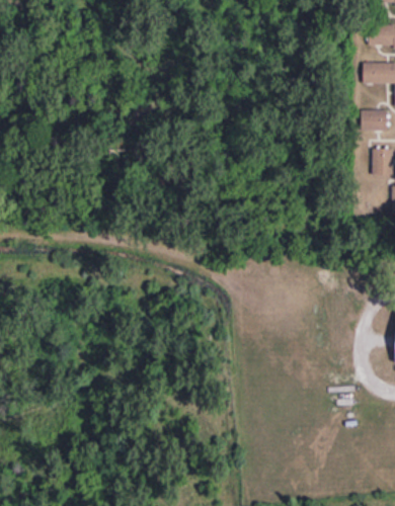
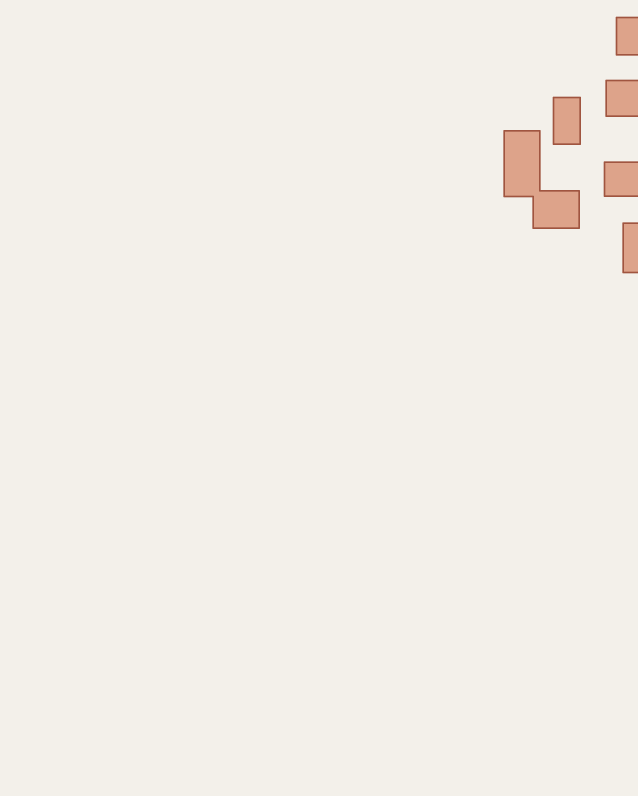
building: none -> [554,97,580,144]
building: none -> [504,131,579,228]

